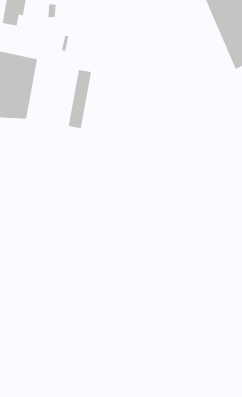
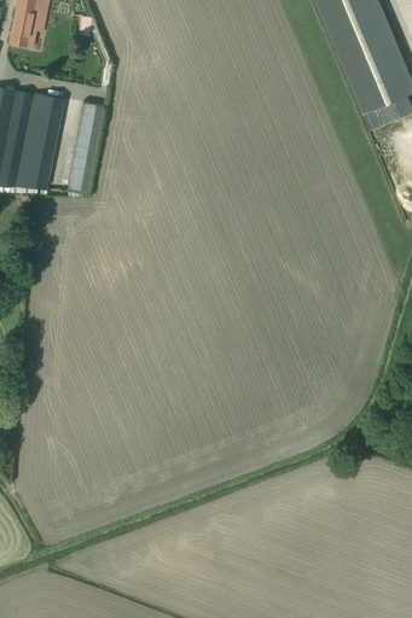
building: [68,69,92,129] -> [68,103,104,192]

